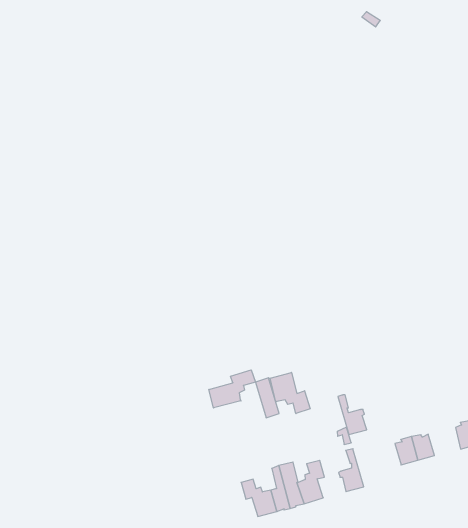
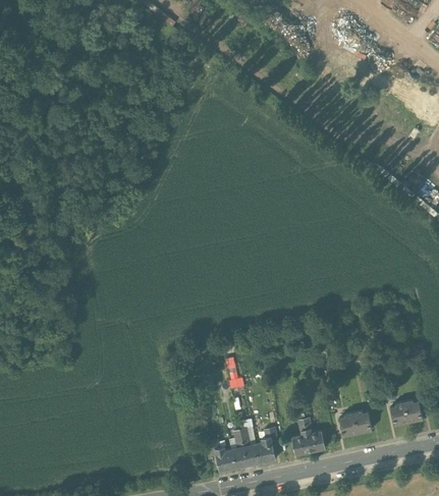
building: [209,370,255,408] -> none
building: [270,372,310,414] -> none
building: [338,395,367,435] -> [303,419,325,452]

